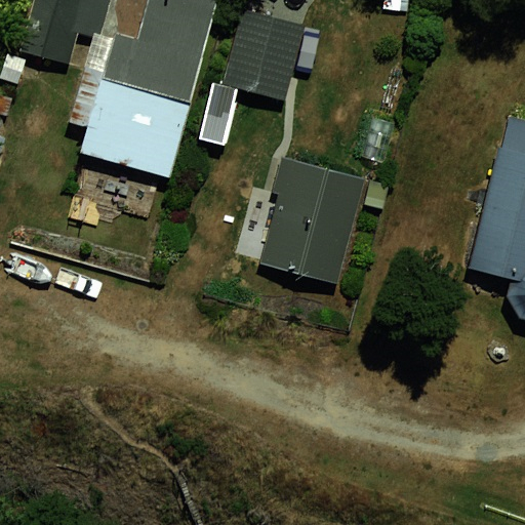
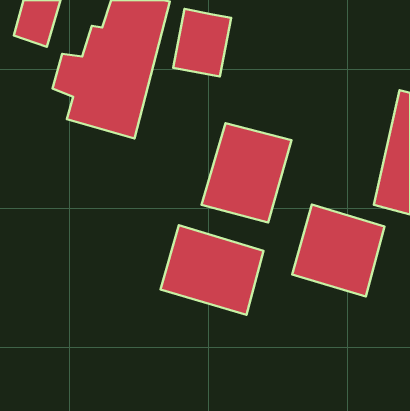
building: none -> [292,204,384,297]
building: none -> [160,225,263,315]

